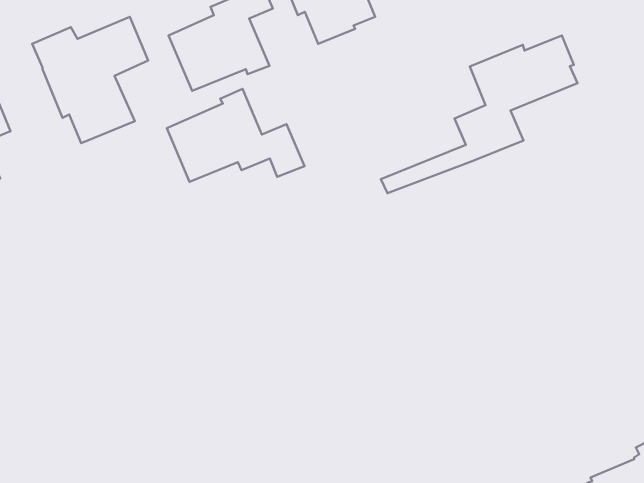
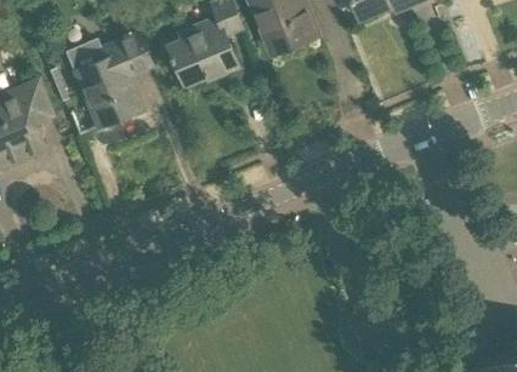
building: [381,35,577,193] -> none
building: [167,89,304,182] -> none

